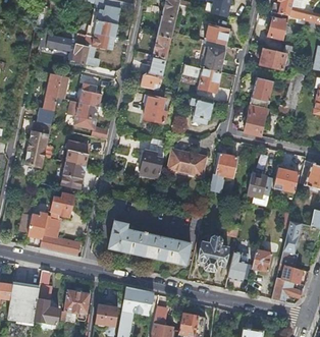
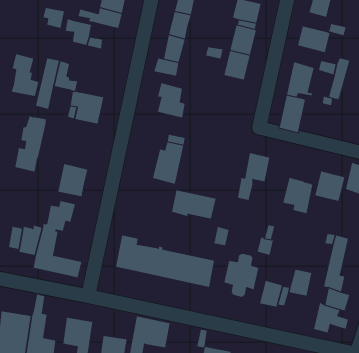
building: [78,71,102,107] -> [11,54,39,97]
building: [190,97,213,120] -> none
building: [65,141,89,167] -> none
building: [168,151,206,175] -> [171,190,217,219]

